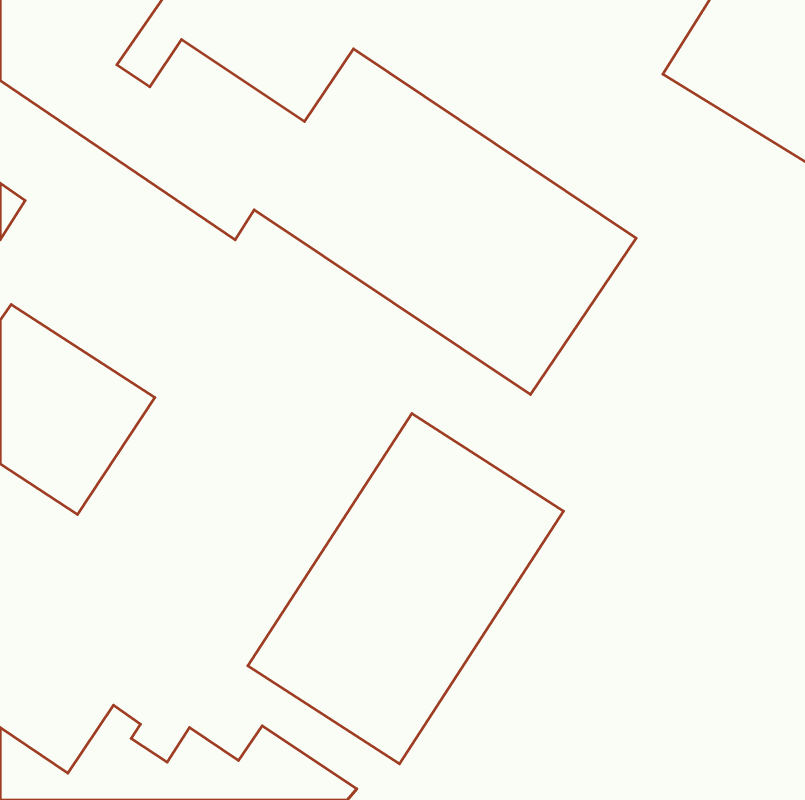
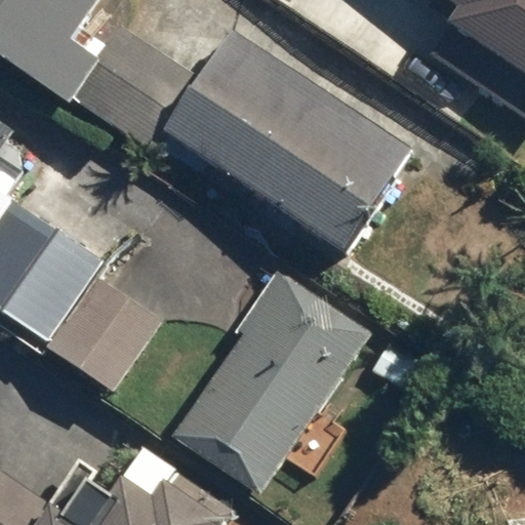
building: none -> [47,277,161,392]

